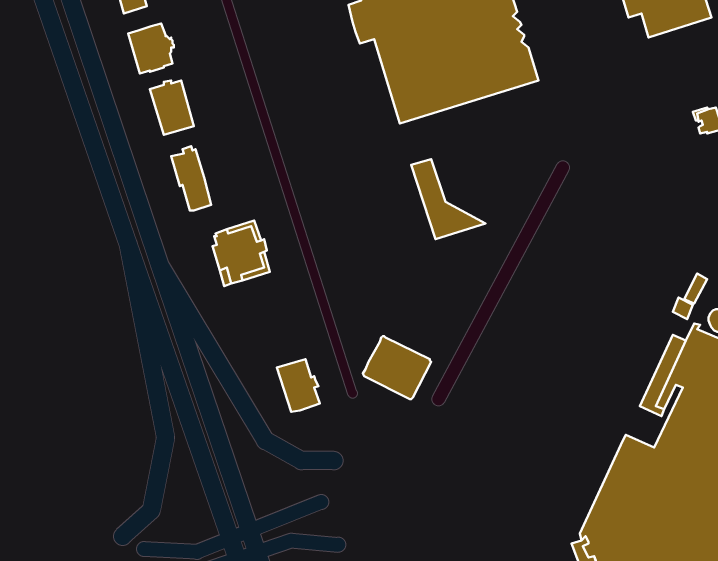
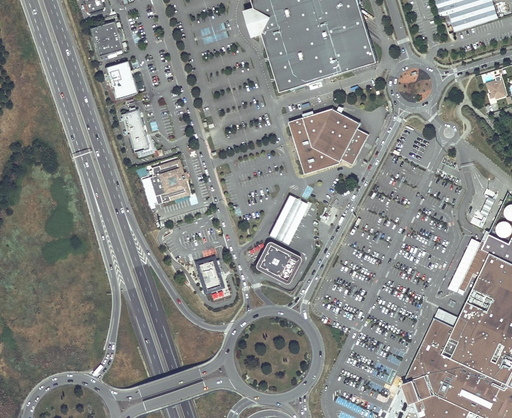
building: none -> [302,107,368,164]
building: none -> [268,195,307,245]

